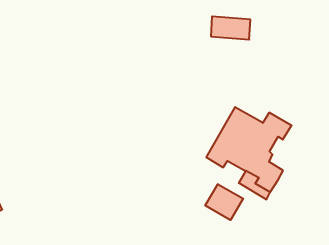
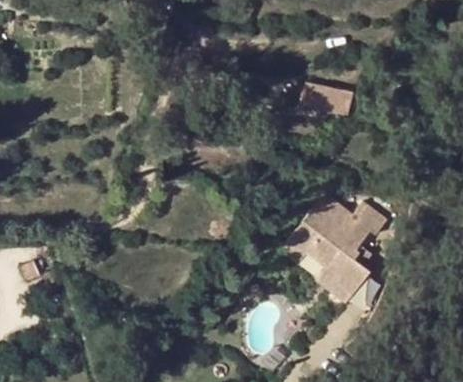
building: [205,184,243,220] -> none

